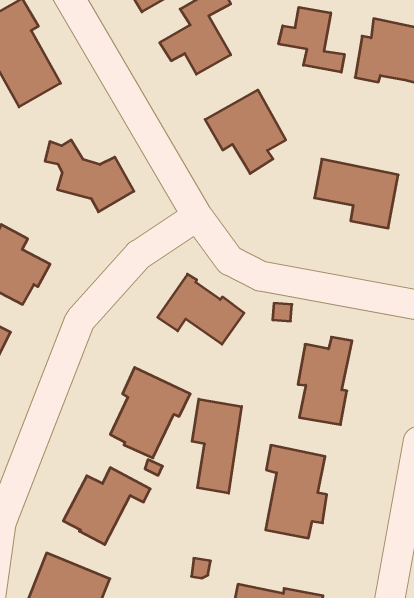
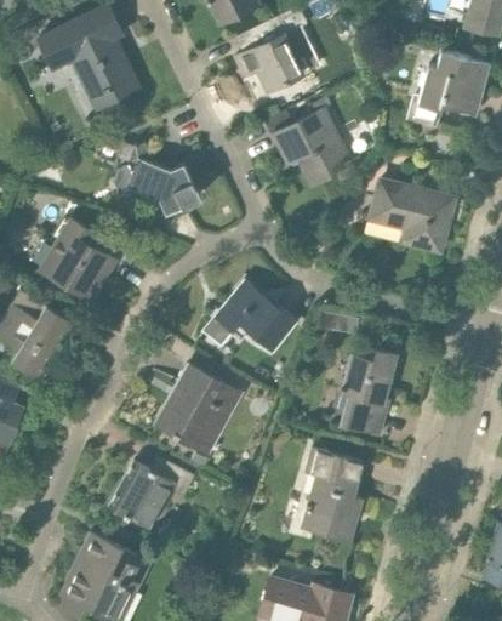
building: [279,7,344,72] -> none
building: [192,399,242,493] -> none

